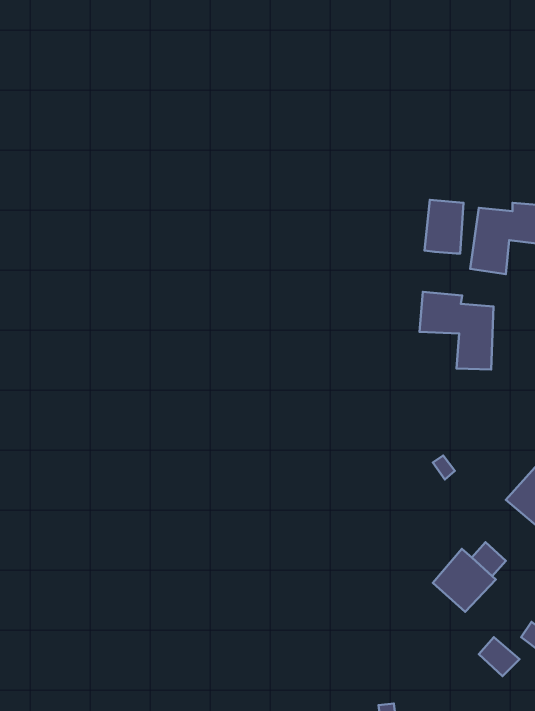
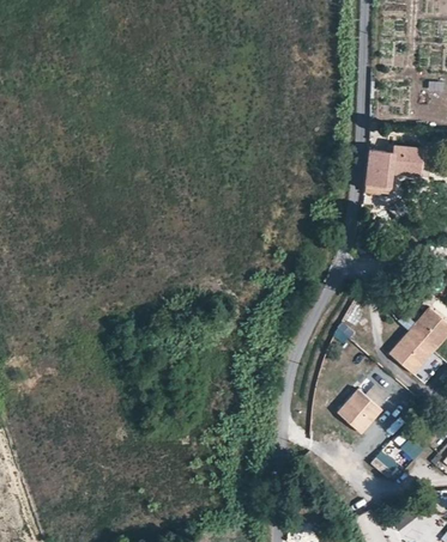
building: [424,200,464,253] -> none
building: [420,292,494,369] -> none

